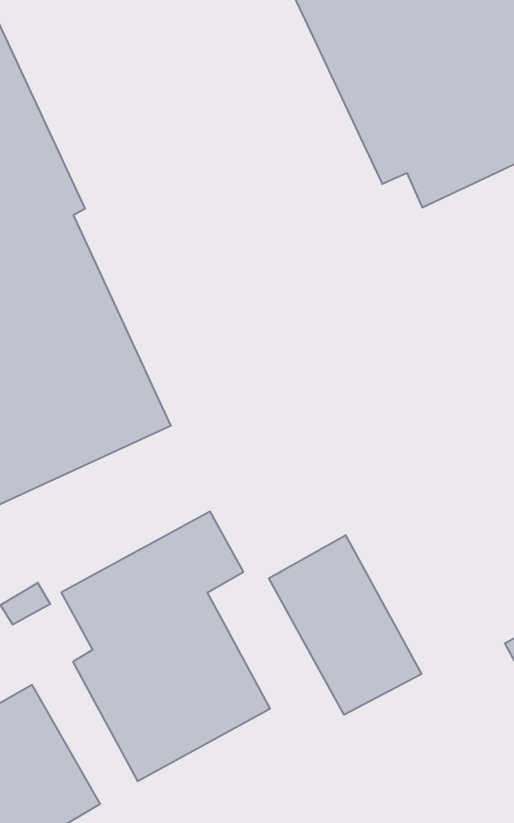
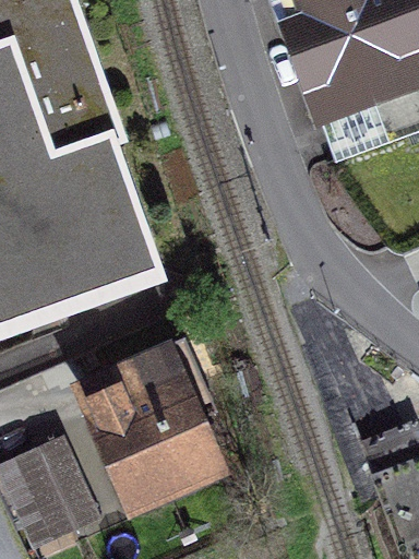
building: [269,535,421,715] -> none

